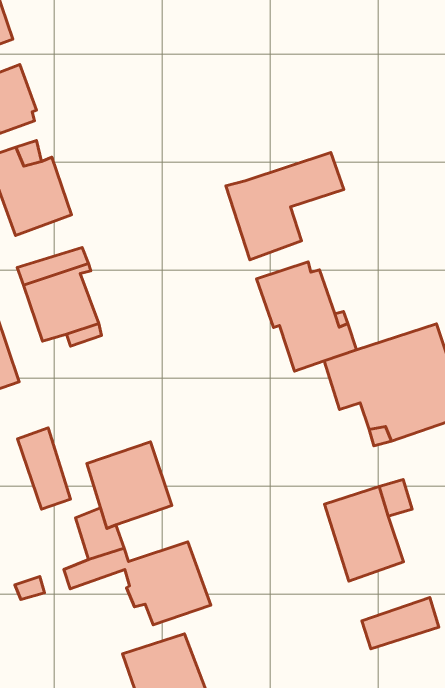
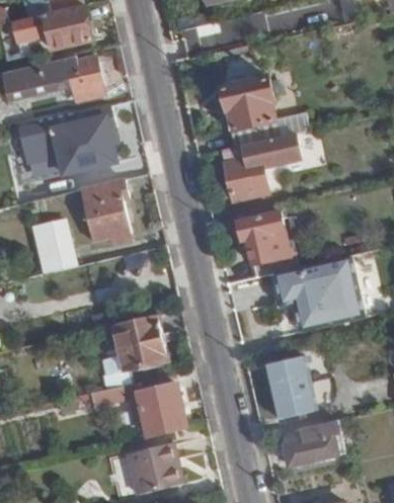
building: none -> [224,78,309,148]
building: [18,428,71,509] -> none

